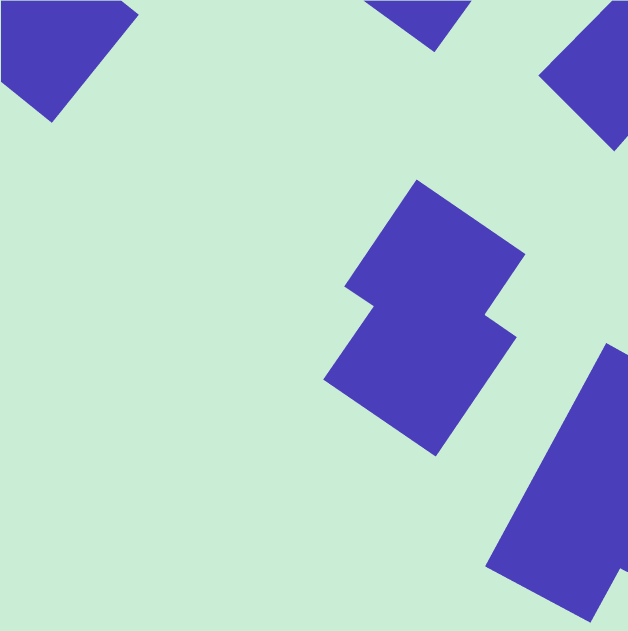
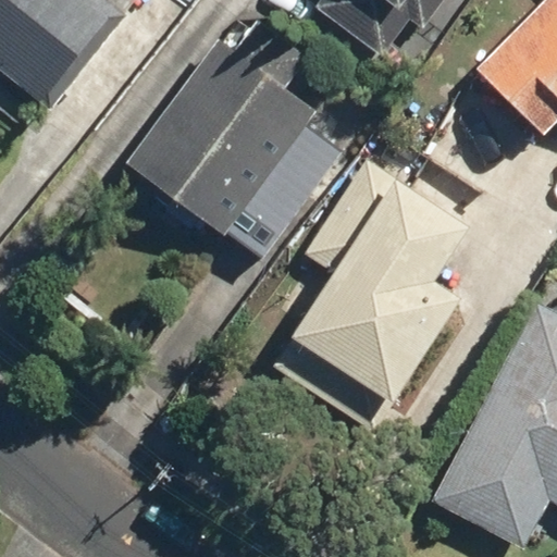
building: none -> [126,18,317,236]

